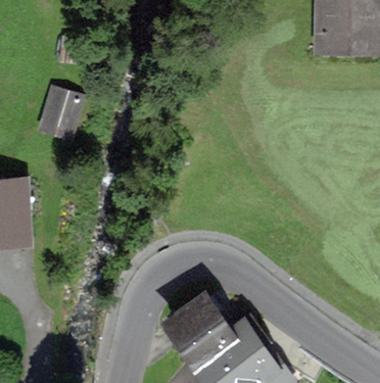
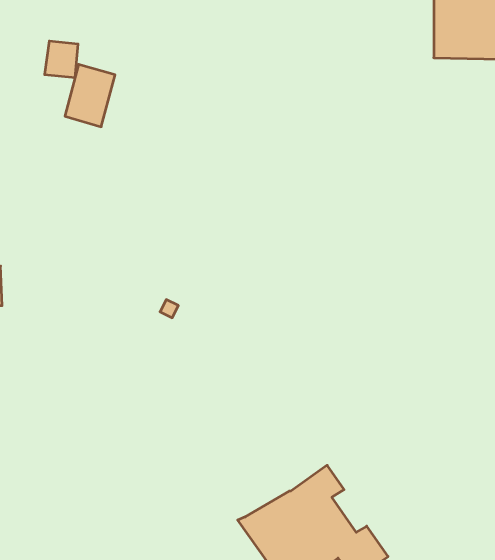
building: [42,87,76,129] -> [65,64,115,127]
building: [171,299,231,353] -> none

